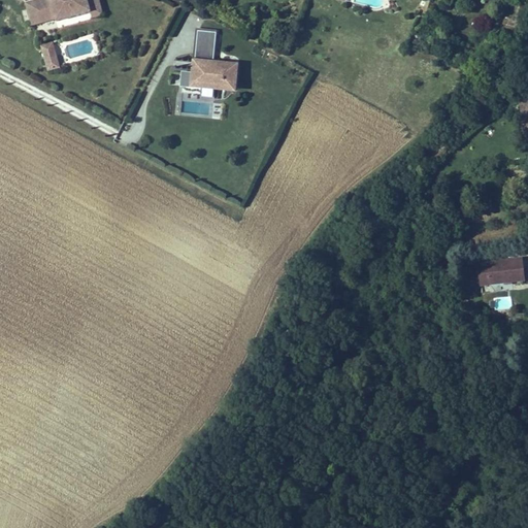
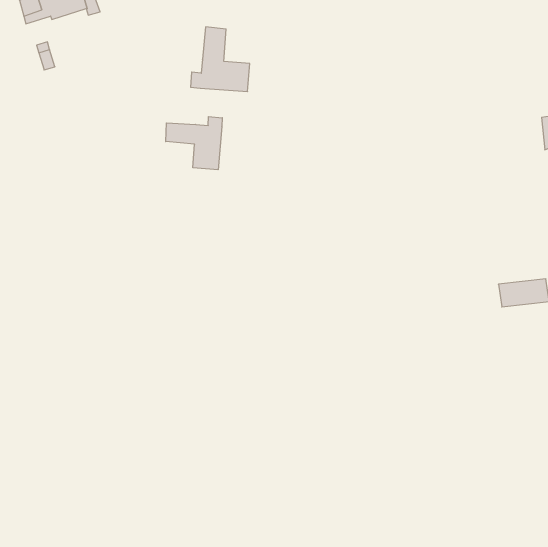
building: none -> [166,117,222,170]

